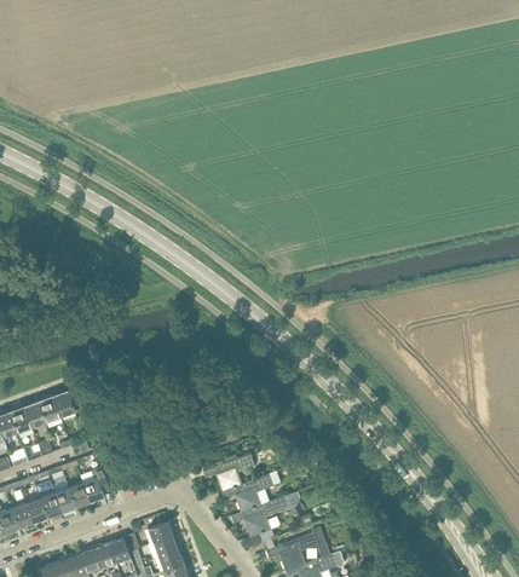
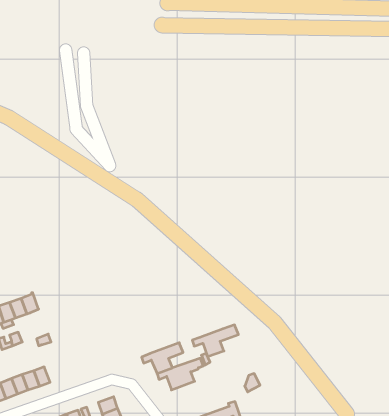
building: [80,467,108,503] -> none
building: [230,497,288,537] -> [192,325,238,357]

